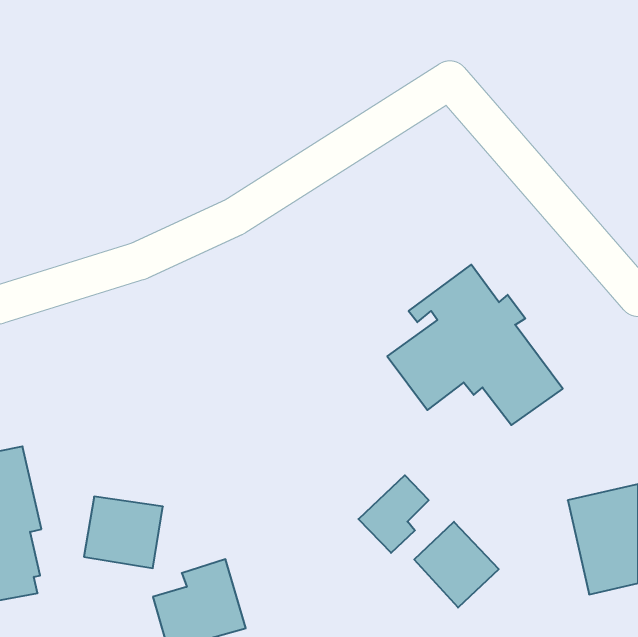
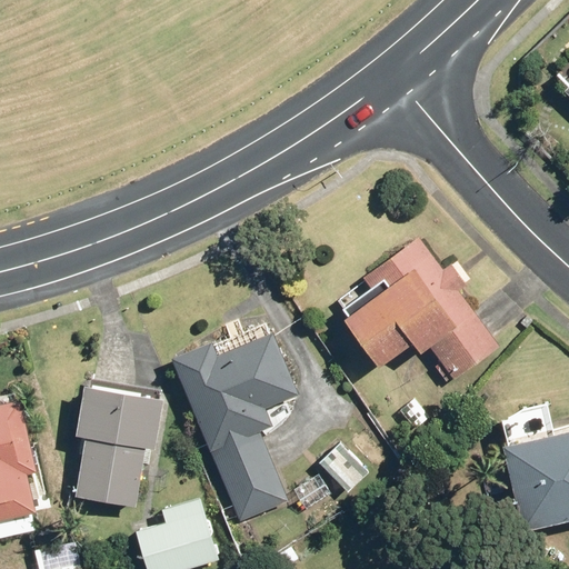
building: none -> [170,333,298,523]
building: none -> [77,386,161,448]
building: [414,522,499,608] -> none

